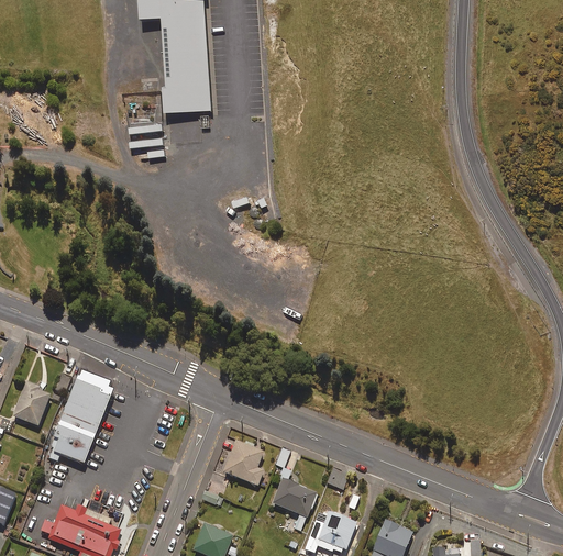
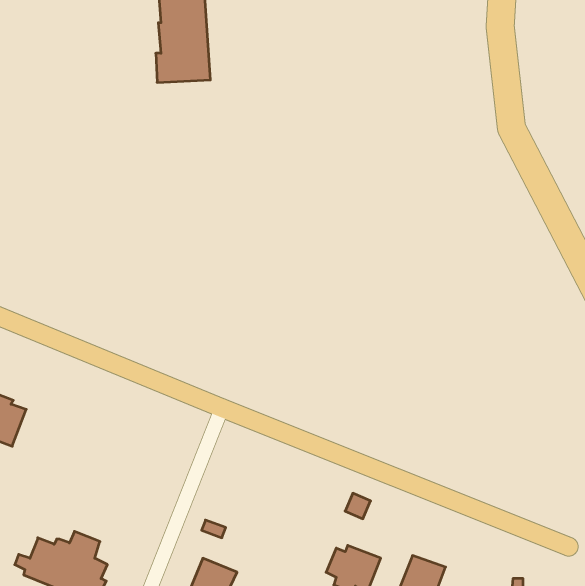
building: [45,368,114,464] -> none
building: [224,443,264,487] -> none
building: [275,478,319,527] -> none

